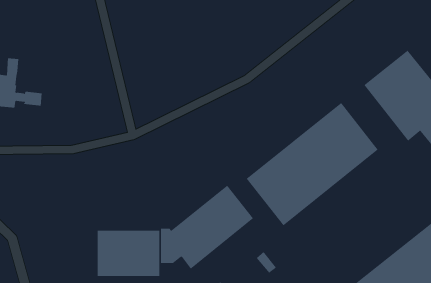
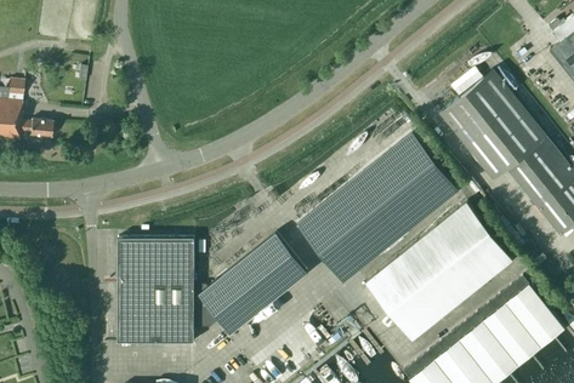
building: none -> [365,202,513,341]
building: none -> [118,239,194,287]

